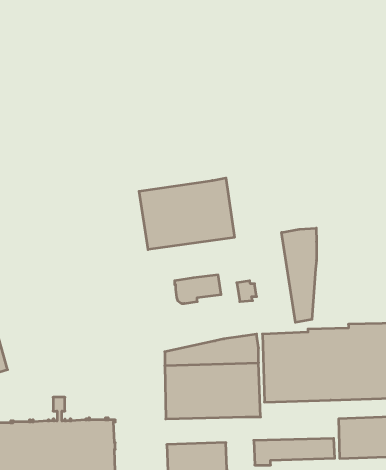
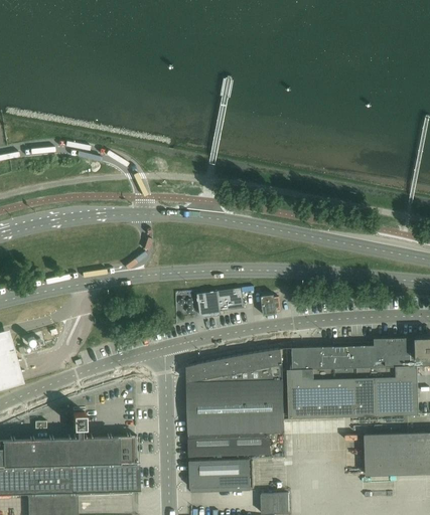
building: [139,178,234,250] -> none
building: [282,228,316,322] -> none
building: [254,438,335,465] -> [187,434,270,461]

